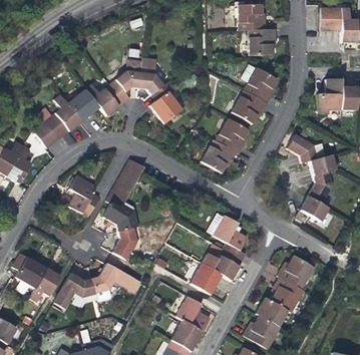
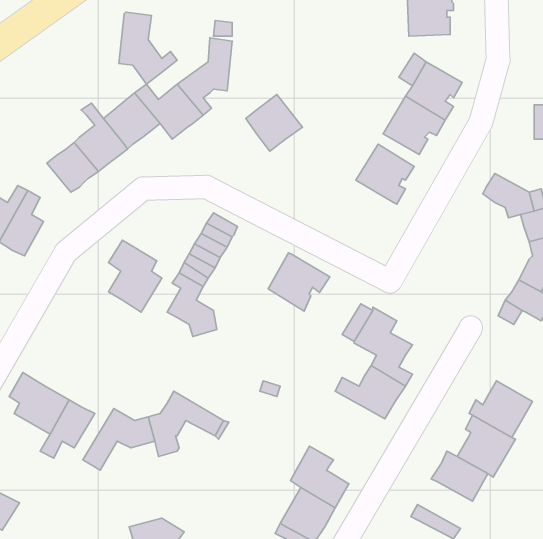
building: [138,57,172,99] -> [119,12,177,84]
building: [200,138,236,172] -> [268,253,330,311]
building: [113,227,136,259] -> none
building: [191,263,222,294] -> none
building: [250,316,283,343] -> none

